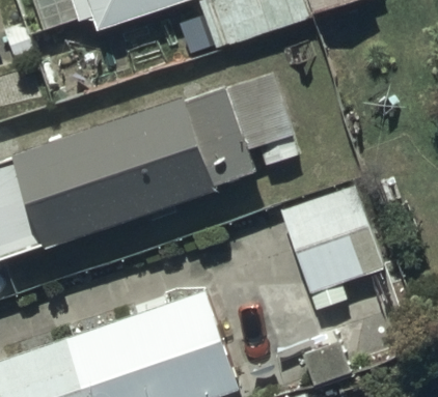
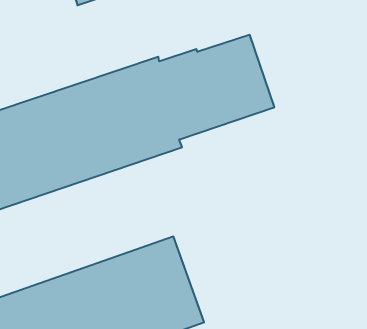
building: [274,180,386,313] -> none

